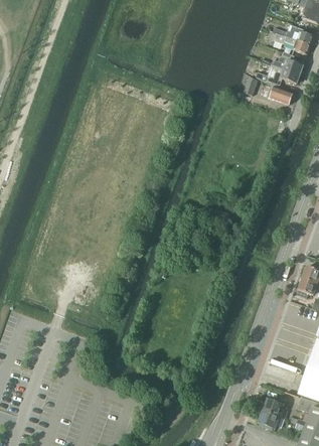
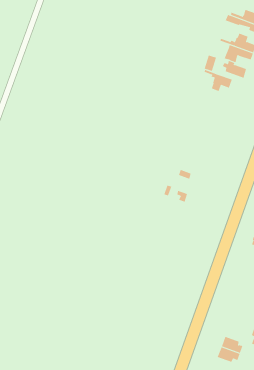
building: none -> [204,69,233,92]

